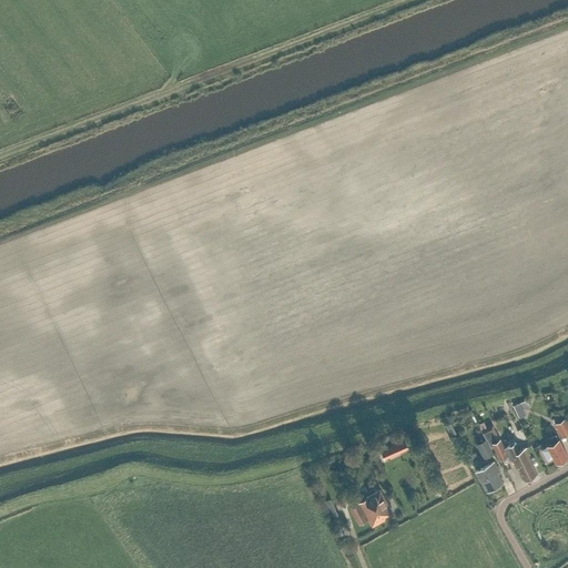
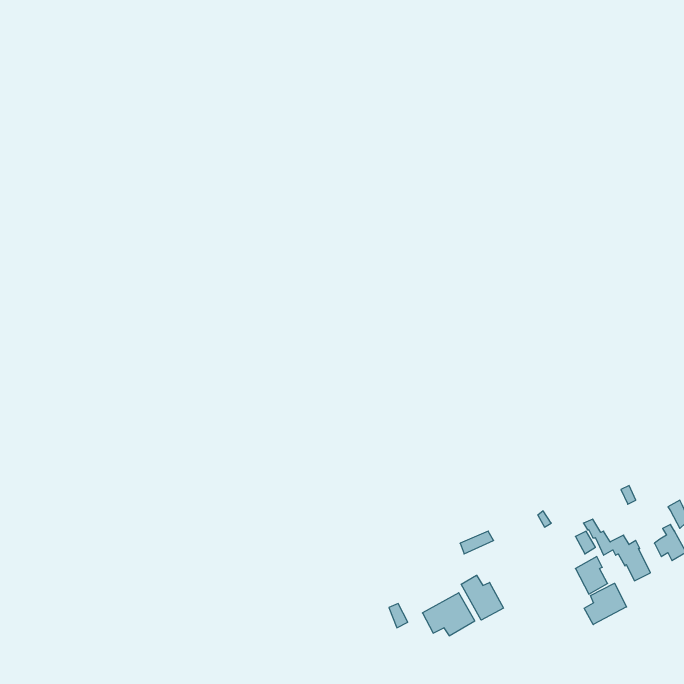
building: none -> [461,575,503,620]
building: none -> [584,583,627,625]

